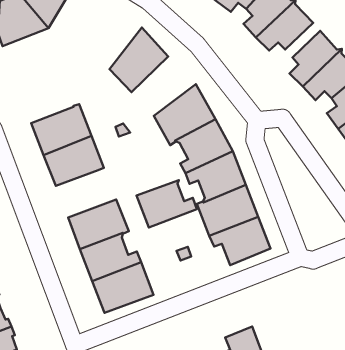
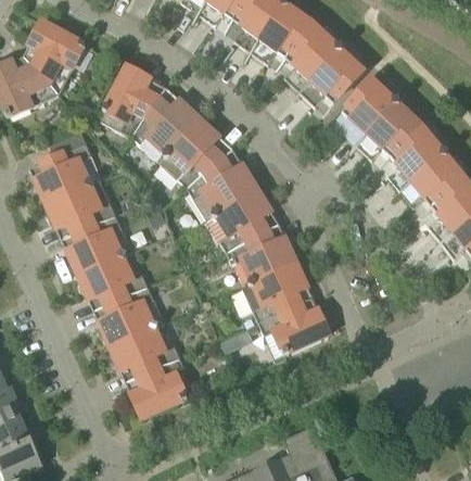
building: none -> [98,63,166,135]
building: none -> [158,116,232,186]
building: none -> [28,128,92,202]
building: [137,180,197,227] -> [77,252,148,308]

